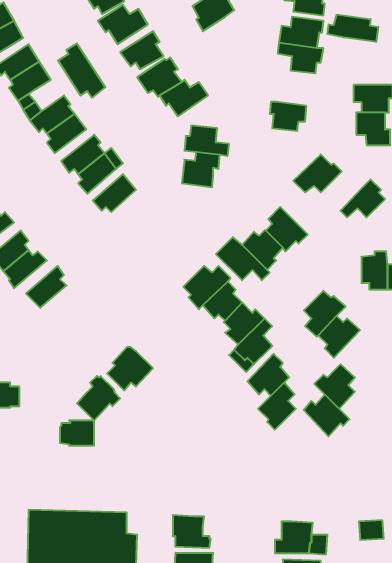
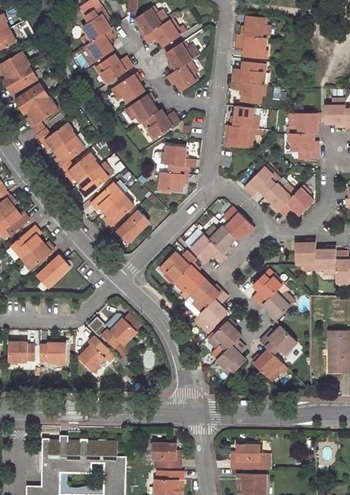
building: [327,15,378,42] -> none
building: none -> [167,62,197,92]
building: [58,43,105,98] -> none
building: none -> [230,107,258,130]
building: none -> [264,182,295,213]
building: none -> [103,194,133,225]
building: none -> [115,210,149,240]
building: [60,421,94,446] -> [39,342,65,361]

